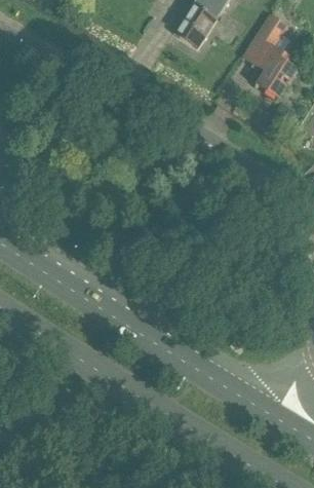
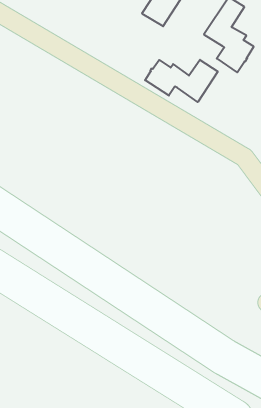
building: none -> [145,60,218,102]

